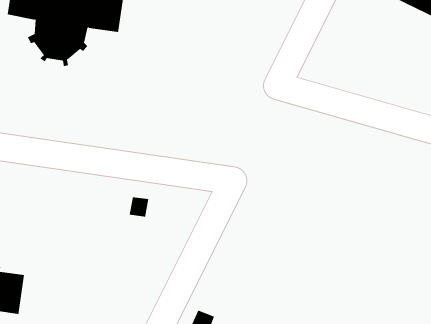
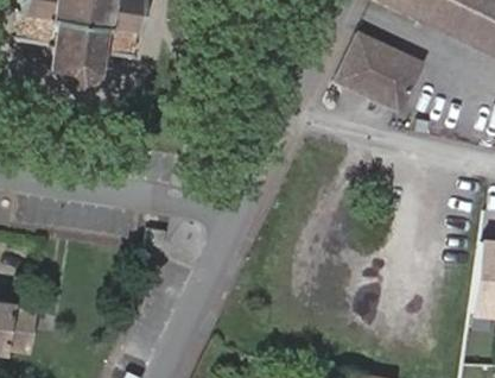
building: none -> [336,34,423,112]

